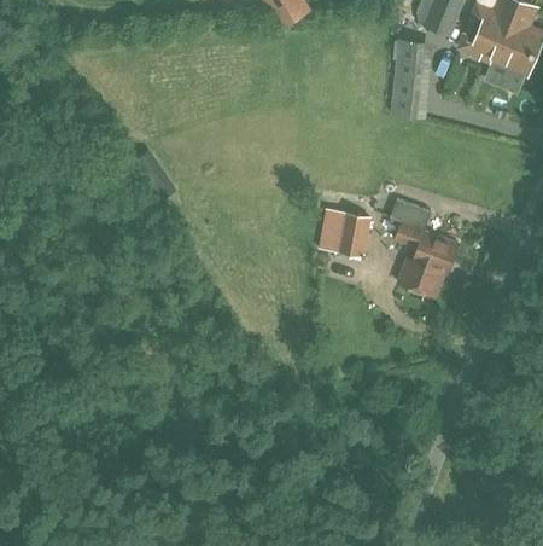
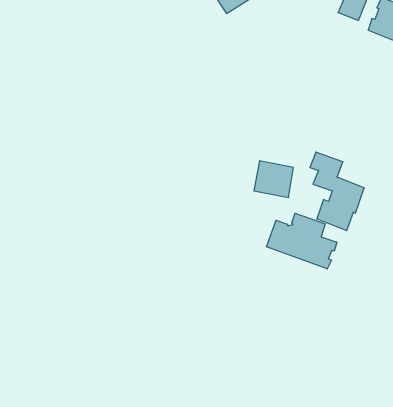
building: [391,40,422,116] -> none
building: none -> [267,213,337,269]

